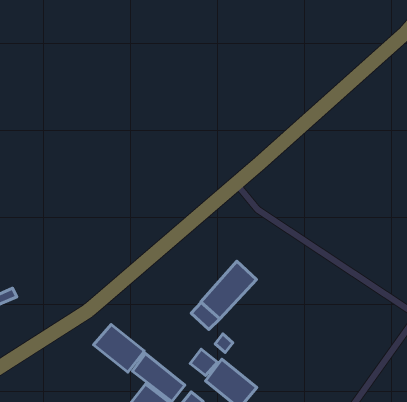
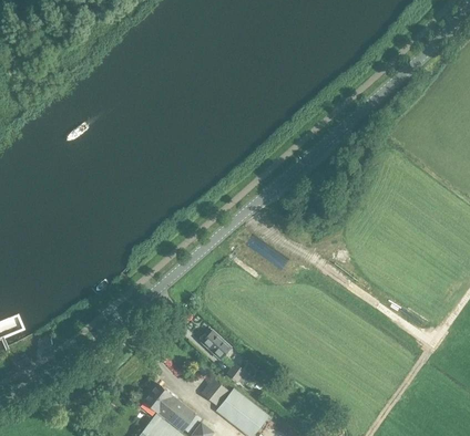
building: [201,261,256,319] -> none
building: [93,324,144,372] -> none

